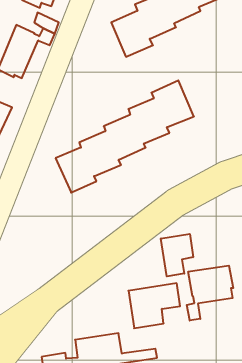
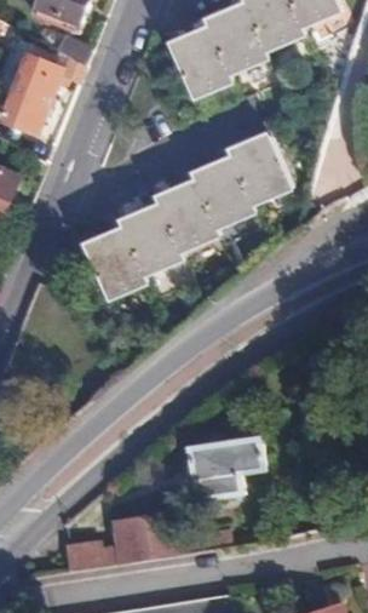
building: [161,234,193,276] -> none
building: [187,266,233,321] -> none

